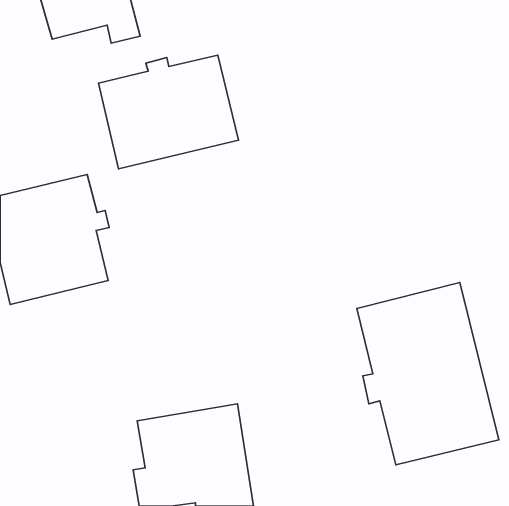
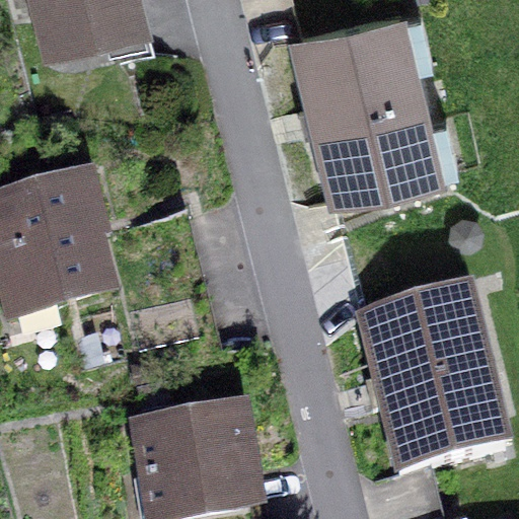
building: none -> [298,11,439,194]
building: [99,55,239,169] -> none

